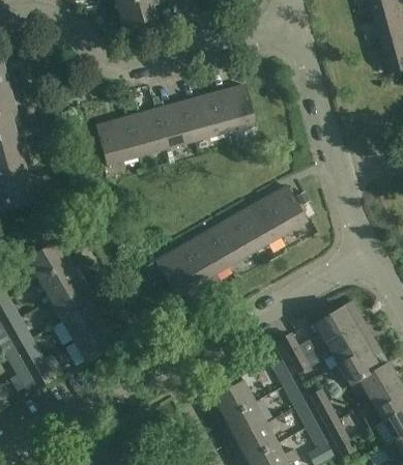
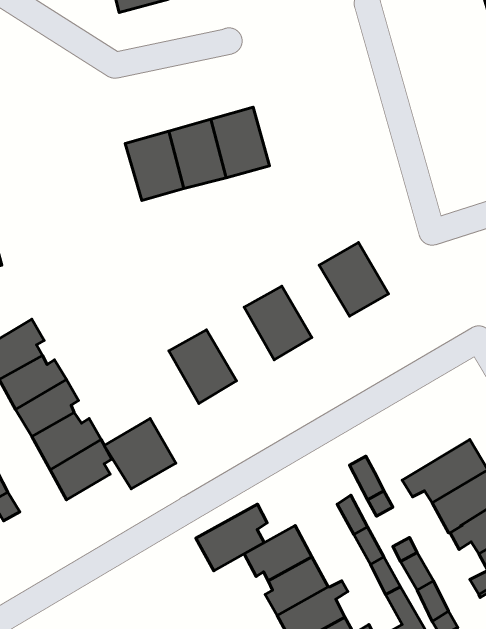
building: [214,83,256,132] -> none
building: [97,116,138,164] -> none
building: [234,200,281,250] -> none
building: [182,229,229,280] -> none
building: [311,299,364,348] -> none
building: none -> [104,419,176,489]
building: none -> [196,504,267,571]

